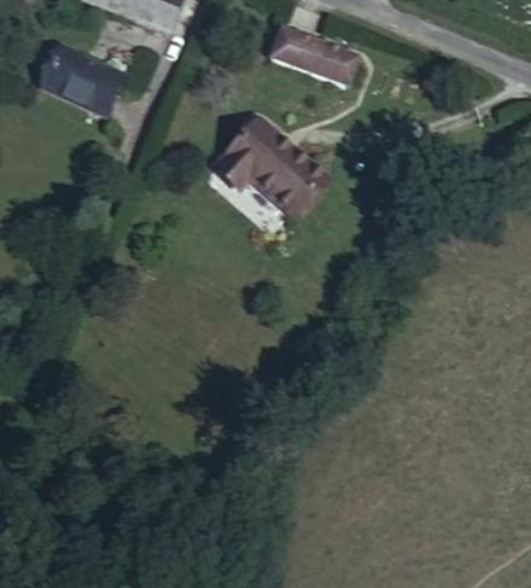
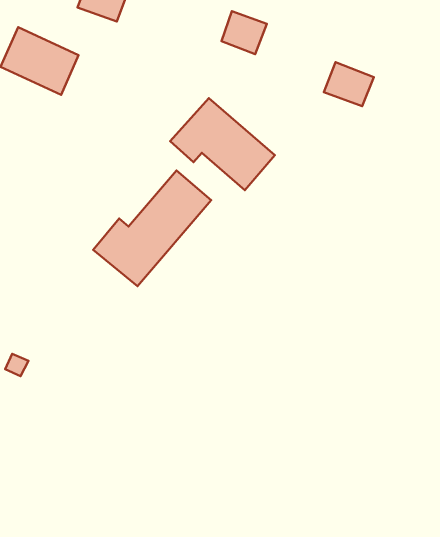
building: [304,40,356,86] -> [324,62,374,106]
building: none -> [93,171,211,286]

